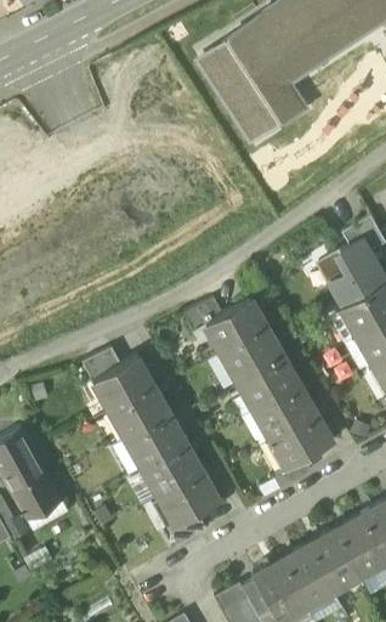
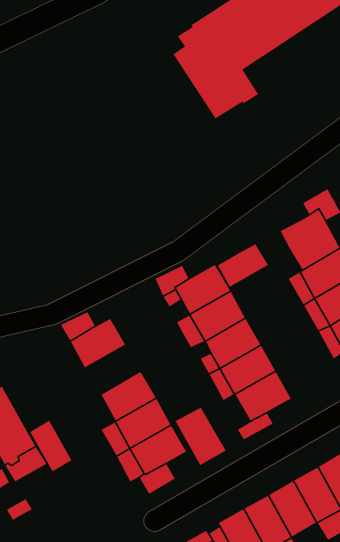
building: none -> [217,243,269,288]
building: [110,383,171,436] -> none
building: none -> [174,407,227,466]
building: none -> [29,420,72,473]

